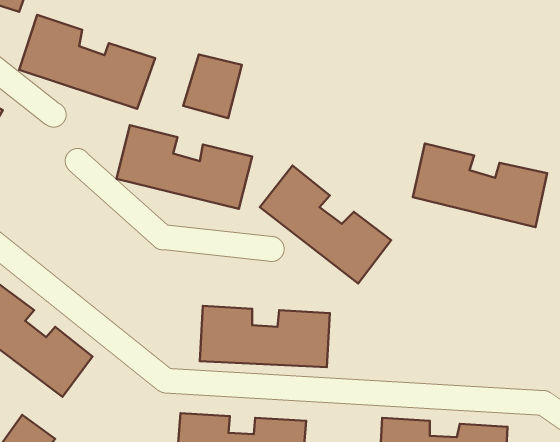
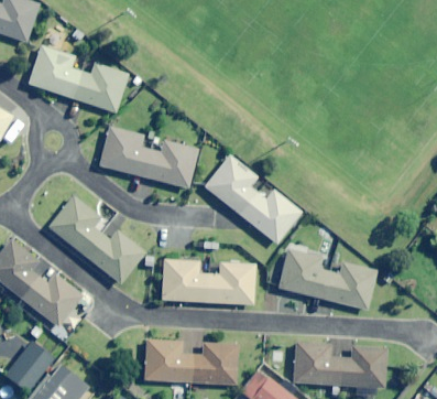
building: [183,54,242,118] -> none
building: [413,143,547,227] -> [277,248,376,310]
building: none -> [46,195,146,287]

